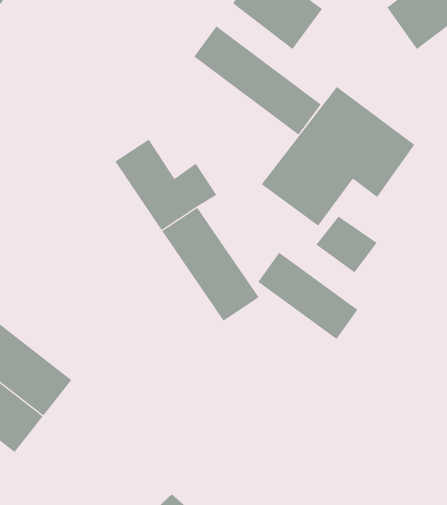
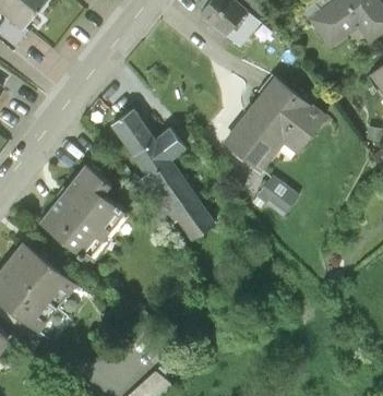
building: [193,26,321,136] -> none
building: none -> [39,168,124,263]
building: [258,252,358,340] -> none

